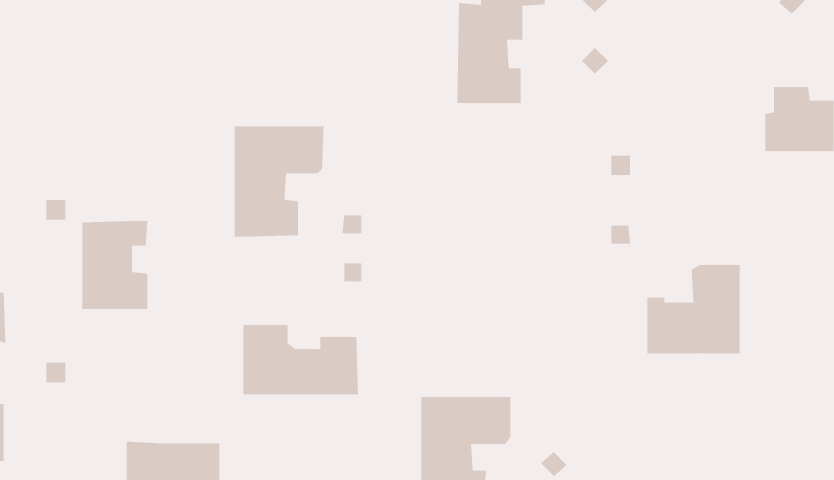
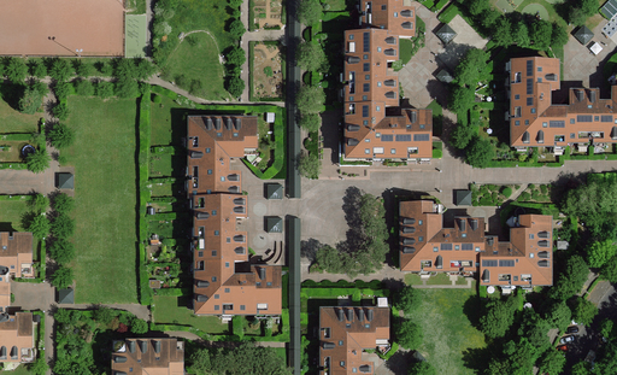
building: none -> [513,59,564,141]
building: none -> [347,102,429,154]
building: [82,220,148,309] -> [196,195,243,258]
building: none -> [402,201,481,265]

